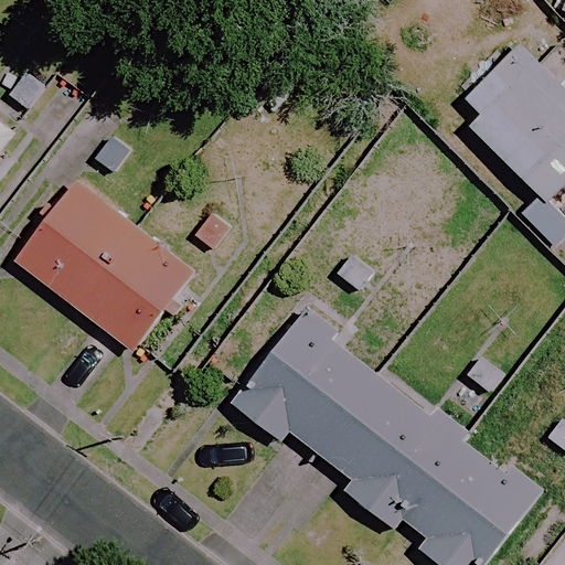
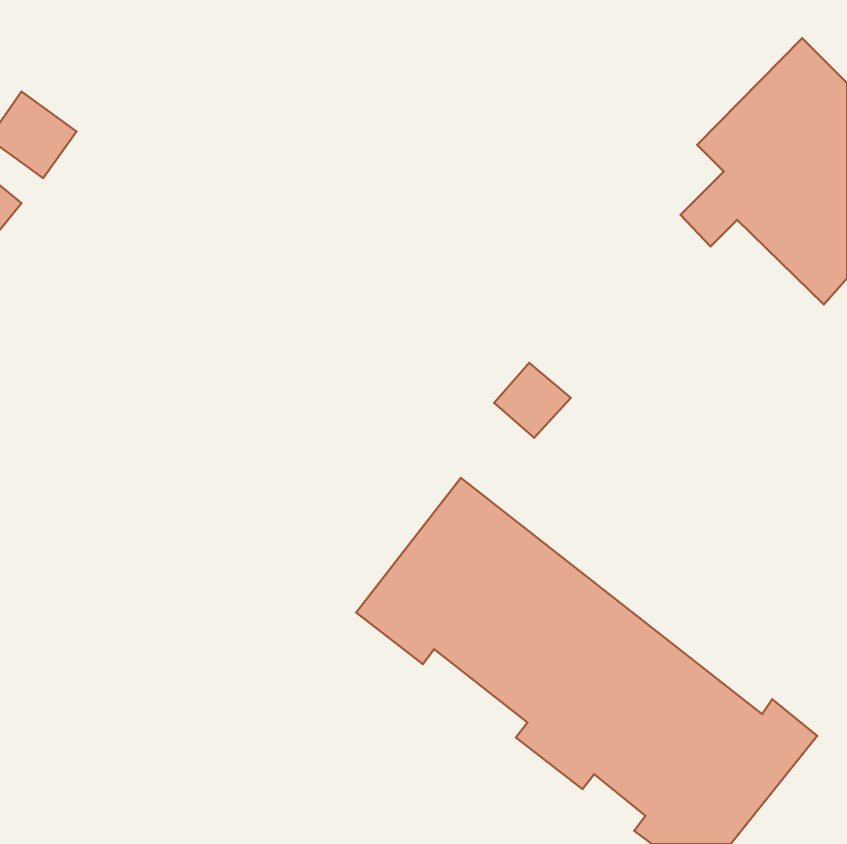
building: [17,181,195,350] -> none

